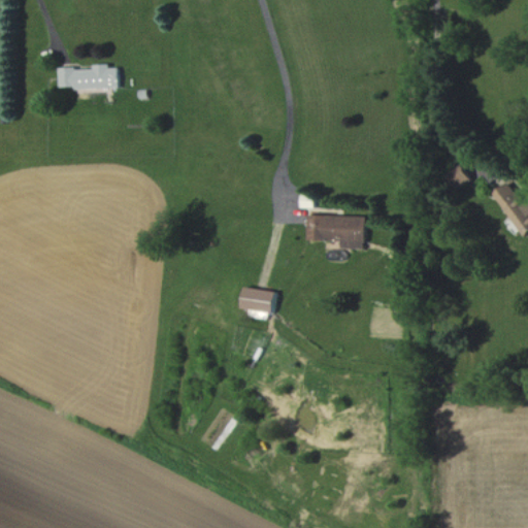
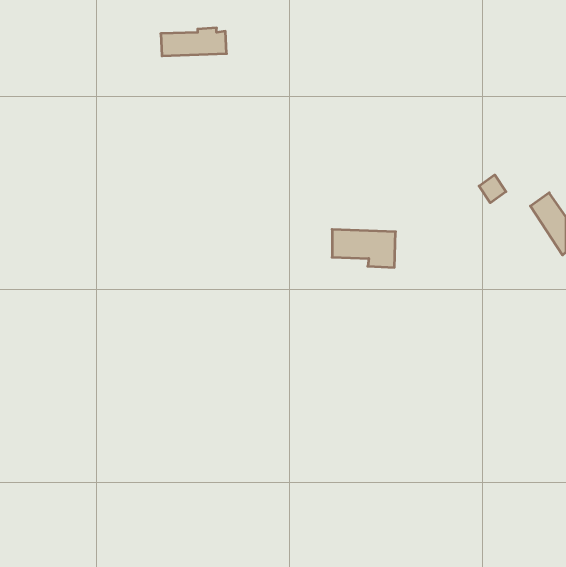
building: [57,64,118,90] -> [161,28,227,56]
building: [241,289,274,311] -> none

